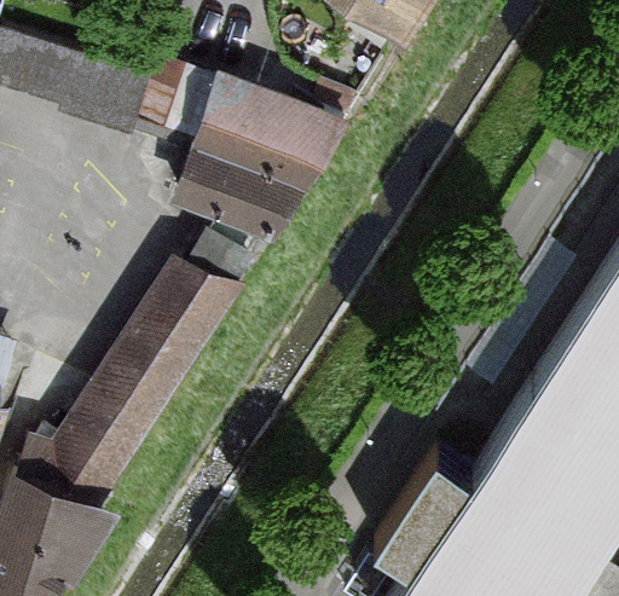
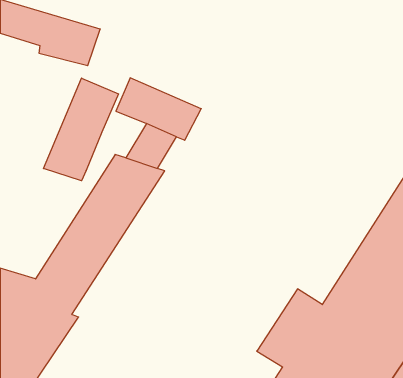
building: [132,62,340,192] -> none
building: none -> [44,78,119,181]

